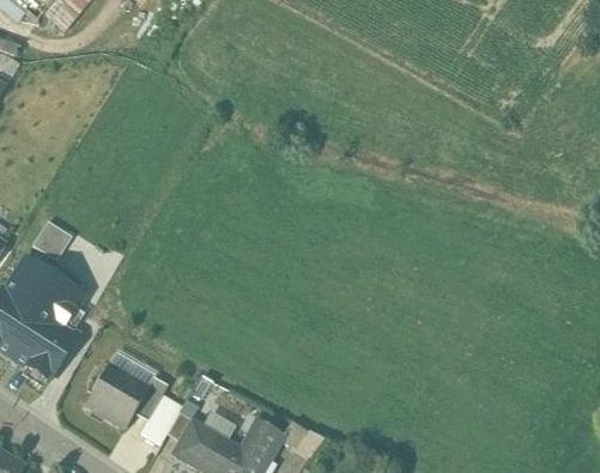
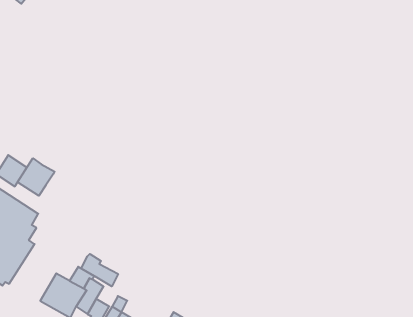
building: none -> [17,158,55,196]
building: none -> [81,254,118,286]

